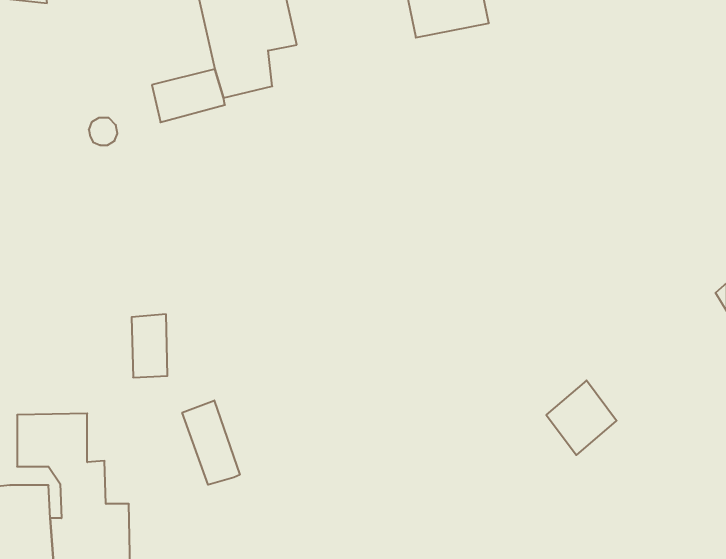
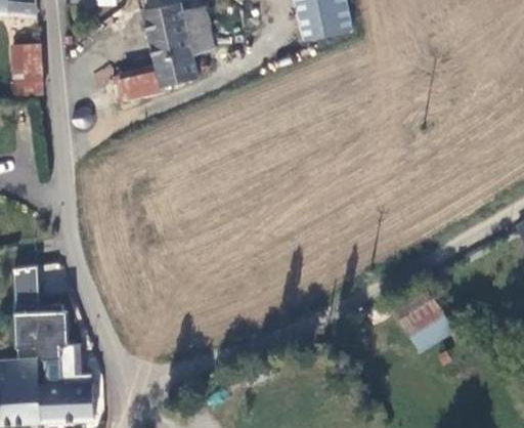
building: none -> [11,48,44,95]
building: [132,314,167,377] -> [14,266,40,311]
building: [182,400,240,485] -> none

